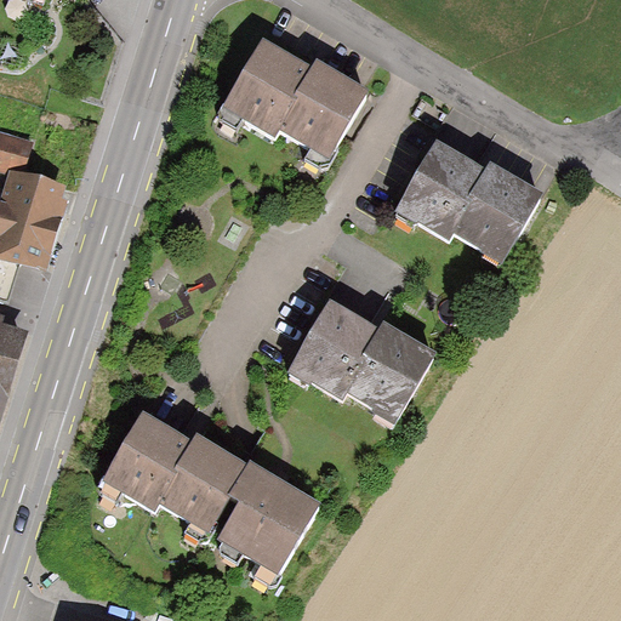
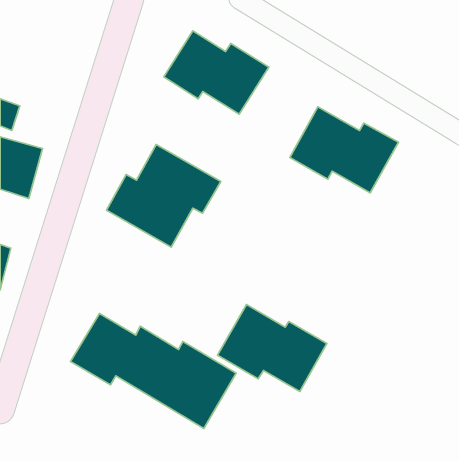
building: none -> [107,145,221,247]
building: [285,302,432,418] -> [217,304,327,391]

